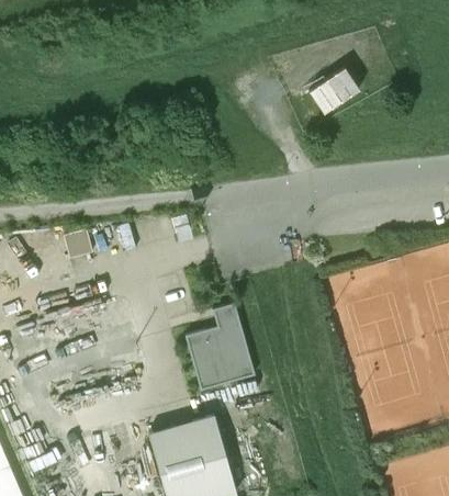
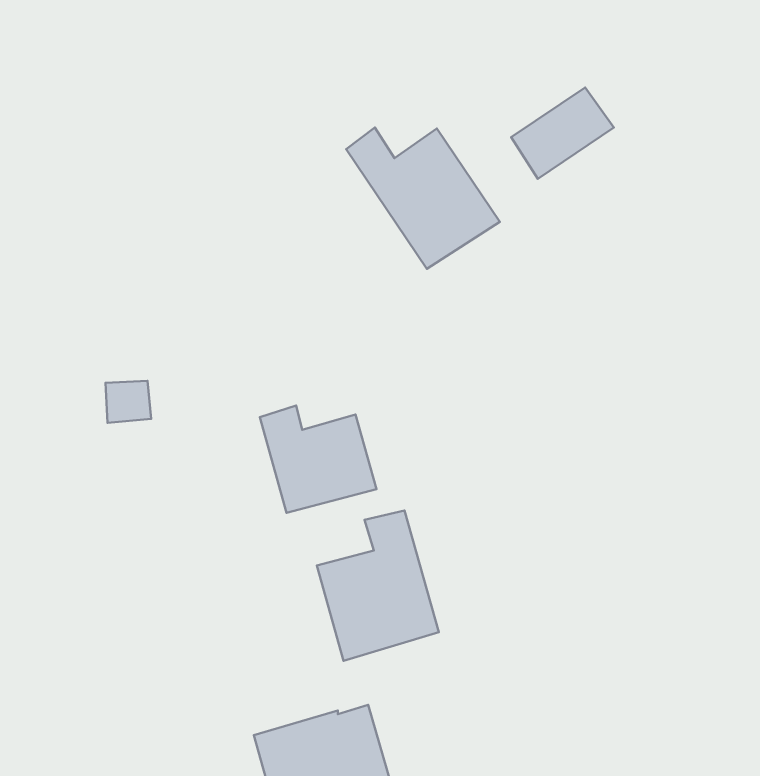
building: none -> [346,128,500,269]
building: none -> [260,406,376,513]

